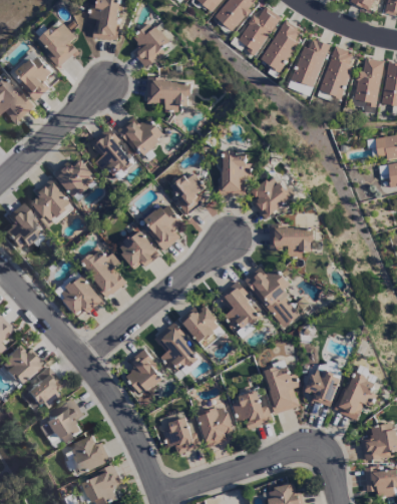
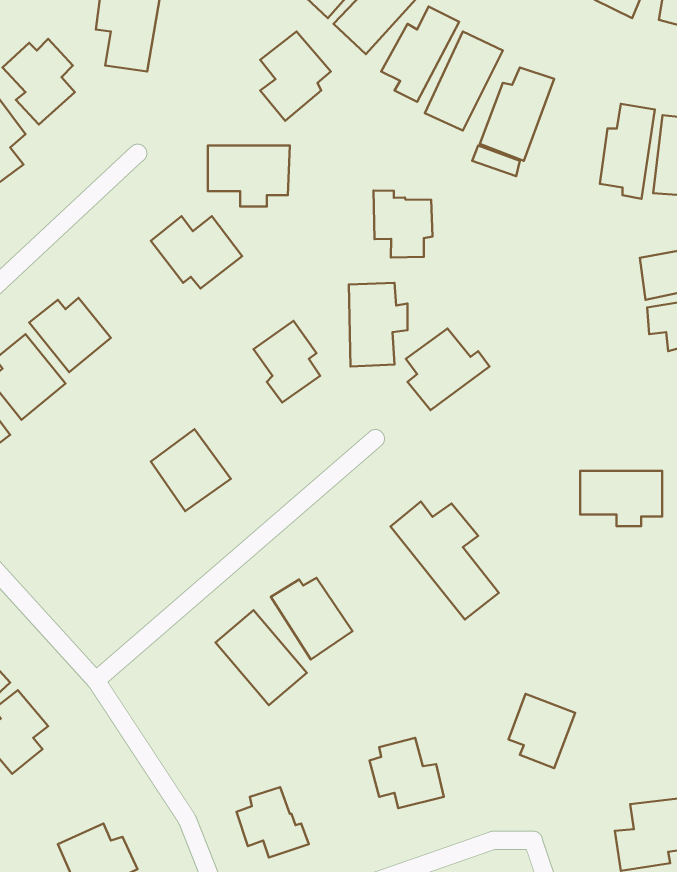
building: [133,21,170,68] -> [260,31,331,121]
building: [320,46,353,98] -> none
building: none -> [374,191,432,258]
building: [89,128,133,174] -> none
building: [145,202,183,250] -> none
building: [270,227,313,257] -> [580,471,662,526]
building: [80,246,126,297] -> none
building: [55,272,102,315] -> none
building: [218,281,260,332] -> none
building: [126,350,163,395] -> none
building: [264,365,300,413] -> none
building: [338,370,376,419] -> none
building: [46,398,83,444] -> none
building: [197,406,234,446] -> none

